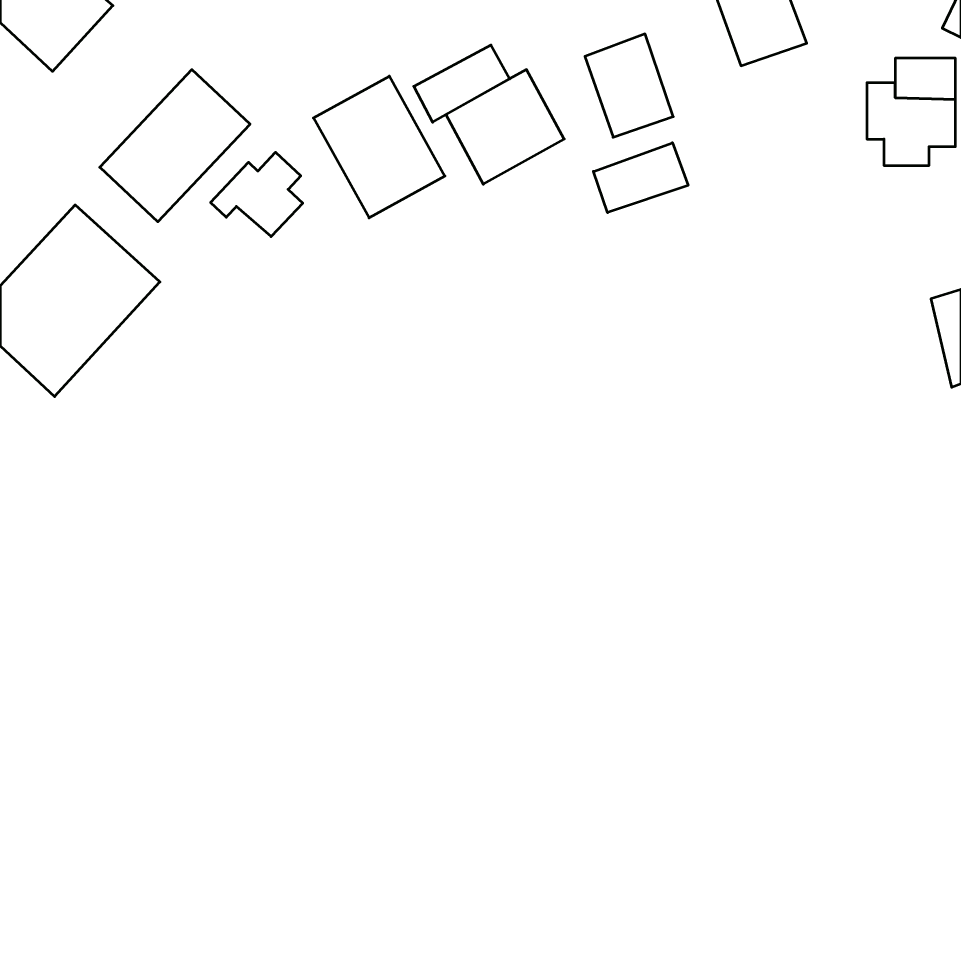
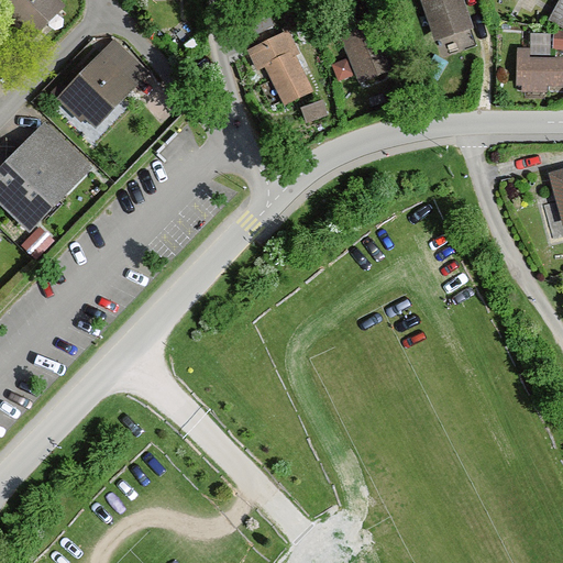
building: [313,76,445,218] -> none
building: [593,143,688,213] -> none
building: [211,152,303,237] -> none

